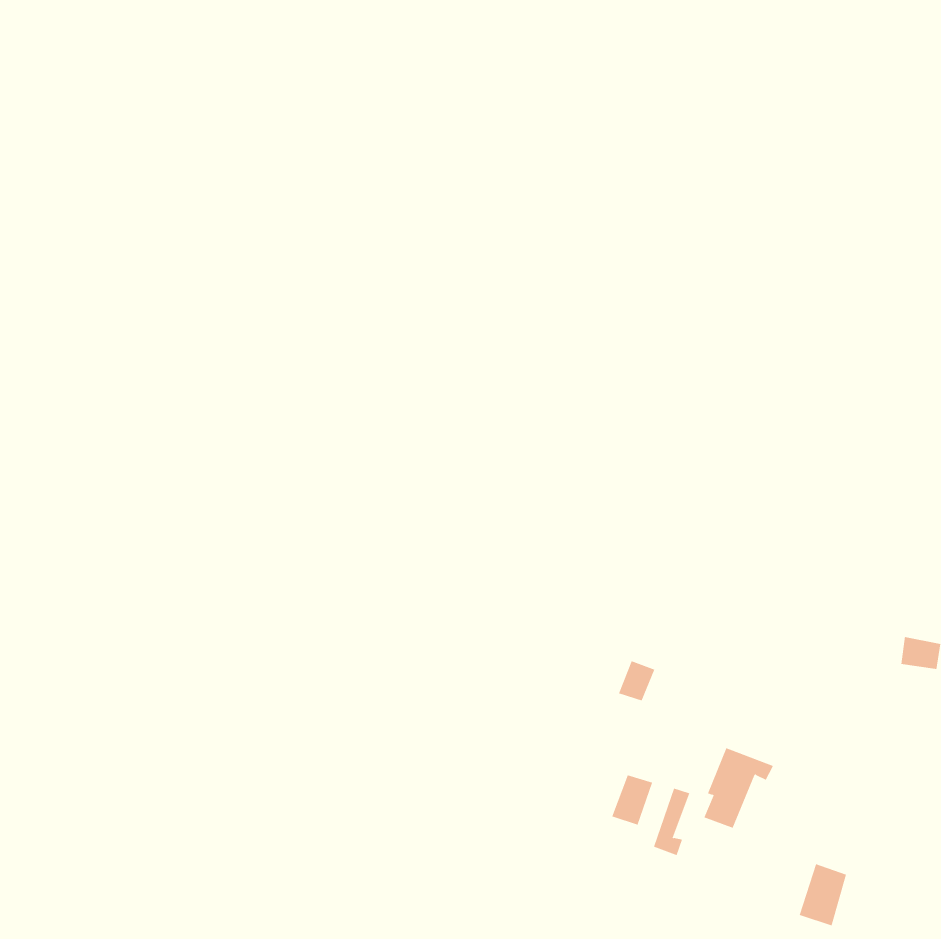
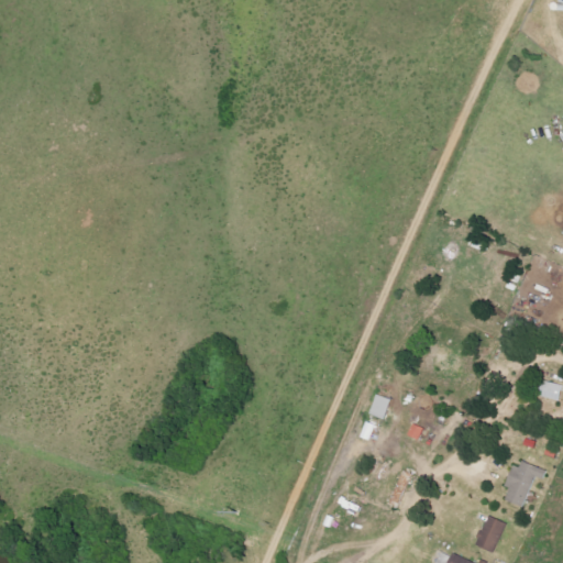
building: [704,747,774,829] -> [504,459,545,507]
building: [611,774,653,826] -> none

